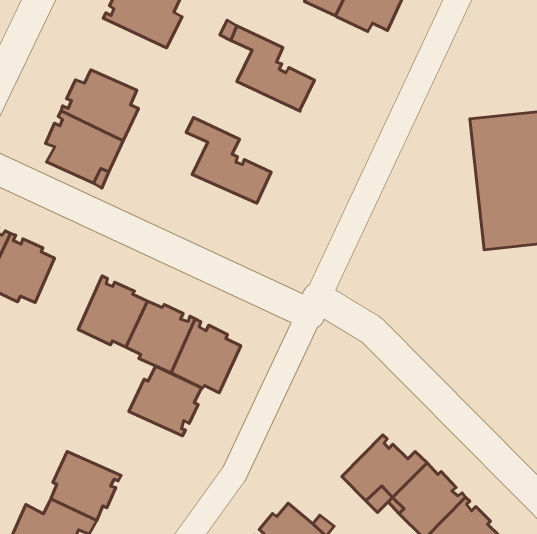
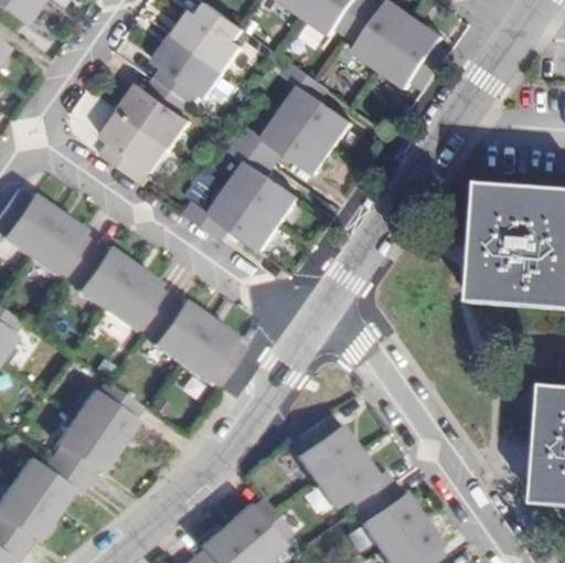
building: none -> [153,34,224,104]
building: none -> [237,111,333,174]
building: none -> [184,188,280,249]
building: none -> [67,241,131,308]
building: [129,366,201,436] -> [73,379,141,445]
building: none -> [288,413,356,480]

